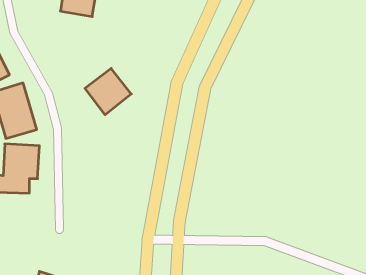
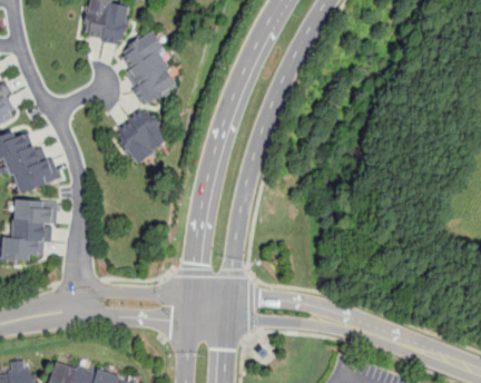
building: none -> [115,35,179,105]

